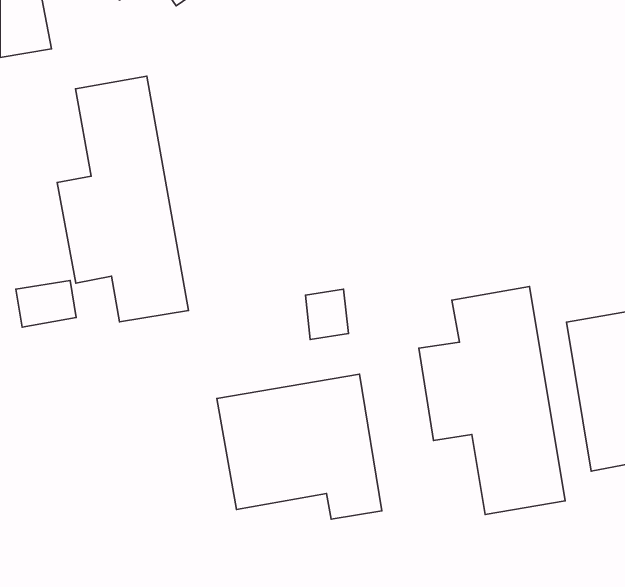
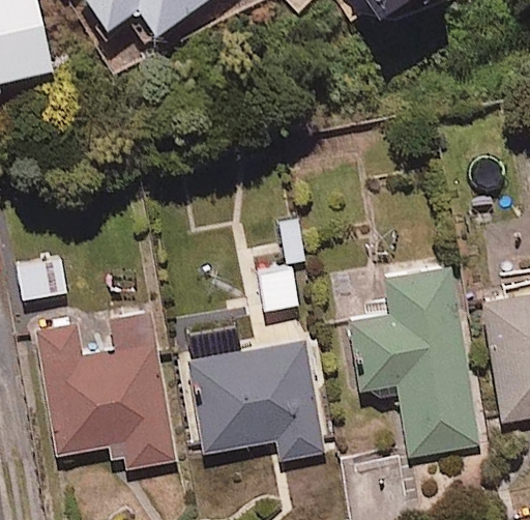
building: [57,76,188,322] -> none
building: none -> [35,311,177,471]

